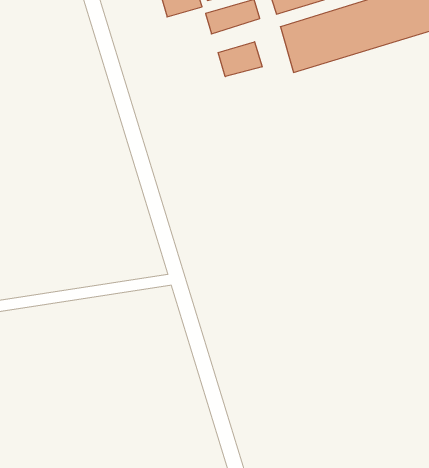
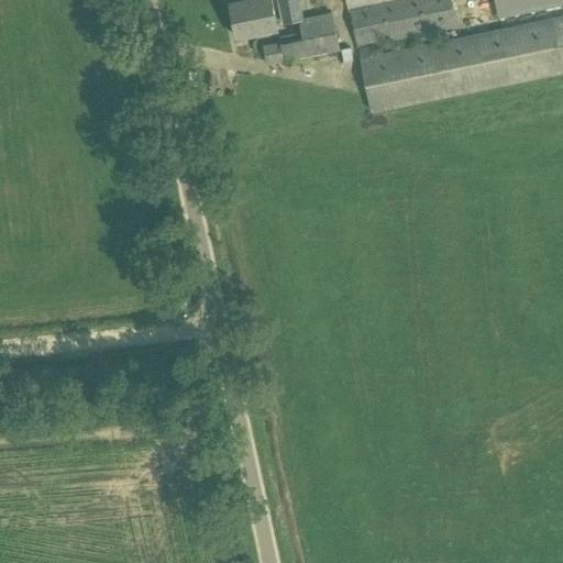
building: [218,42,262,77] -> none

